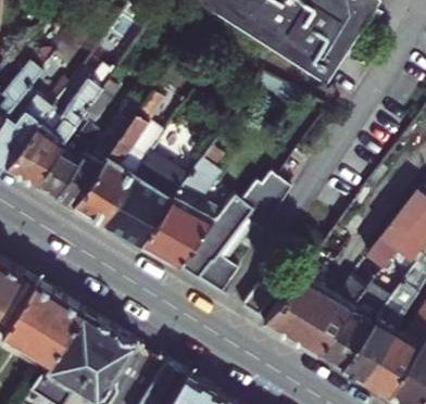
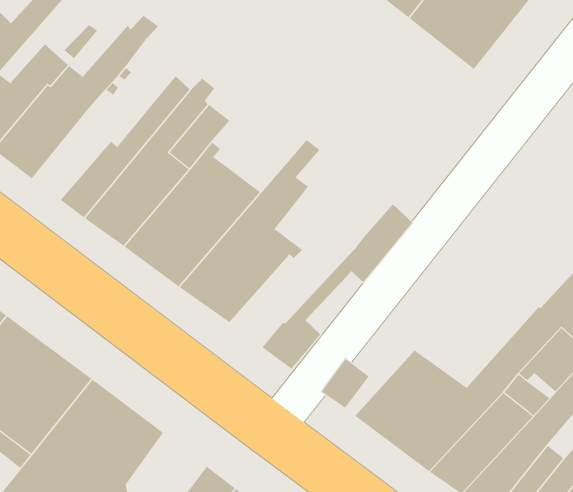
building: [35,126,98,195] -> none
building: [175,173,276,281] -> none

